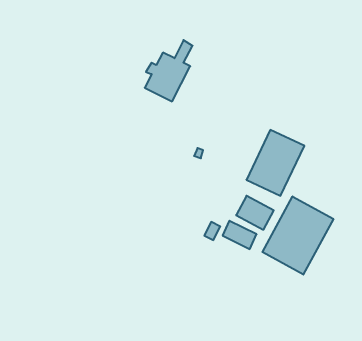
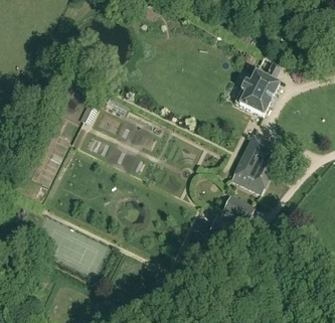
building: [145,40,193,101] -> [237,60,280,115]
building: [262,196,333,275] -> none

